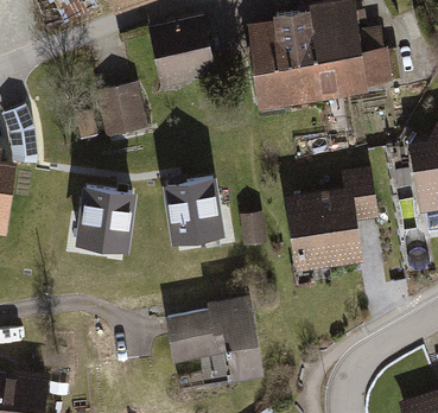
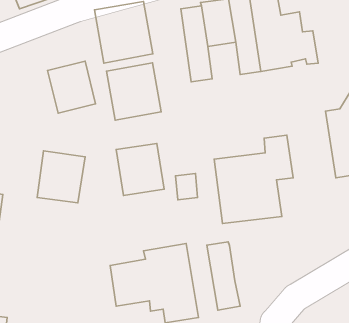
building: [277,62,313,103] -> none
building: none -> [107,63,161,120]
building: none -> [207,242,240,310]

